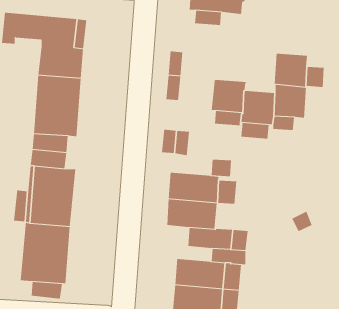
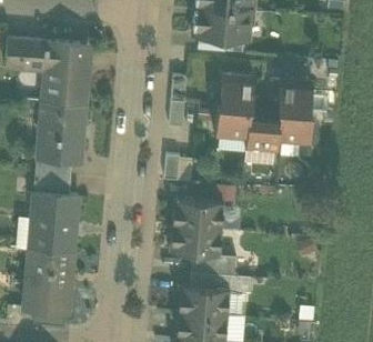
building: none -> [219,73,253,108]

